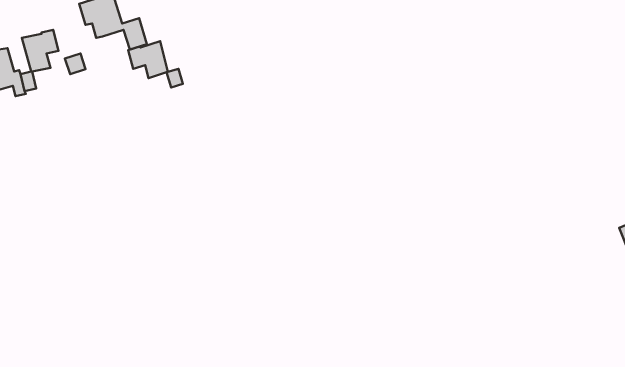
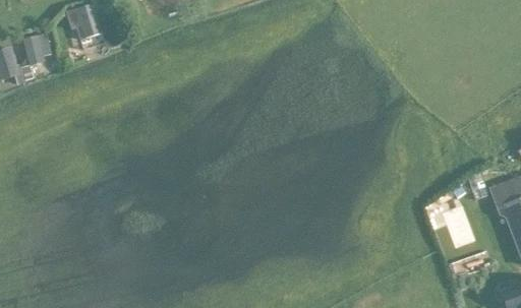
building: [128,41,183,87] -> none

